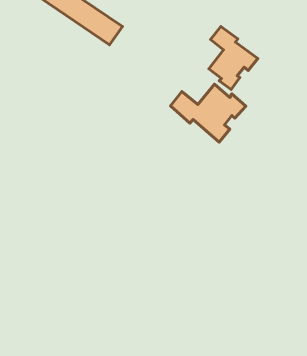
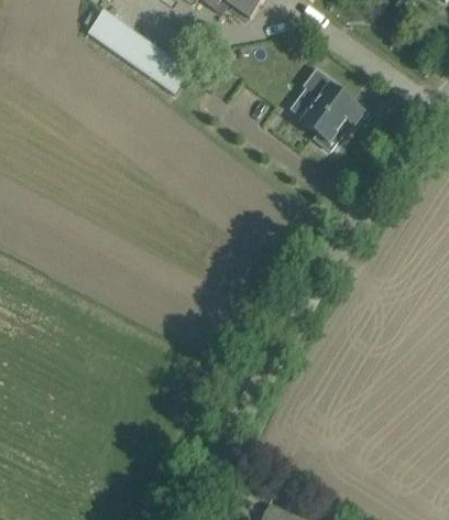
building: [170,84,246,142] -> none

